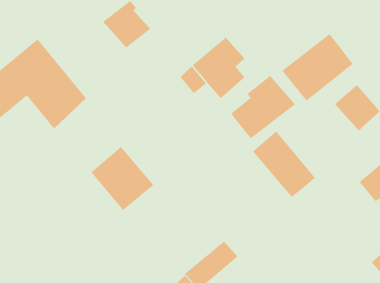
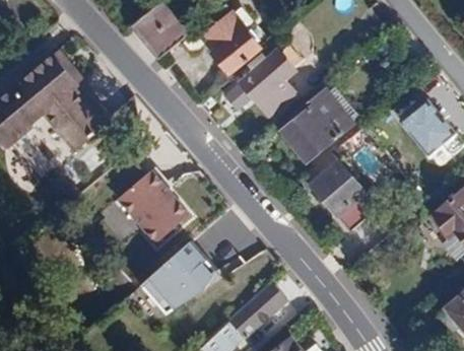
building: none -> [199,7,263,77]
building: [281,33,354,102] -> none
building: none -> [143,242,215,311]

